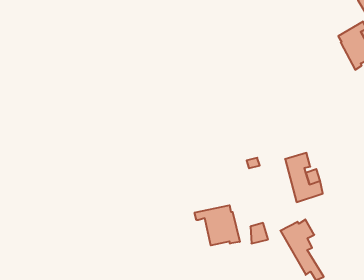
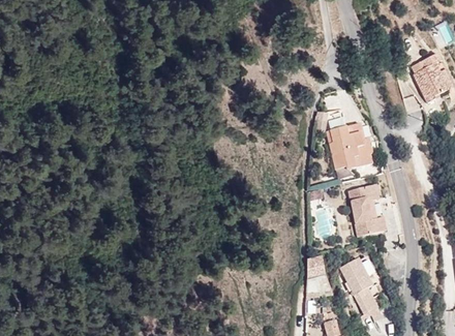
building: none -> [329,113,373,171]
building: [195,205,240,245] -> none

